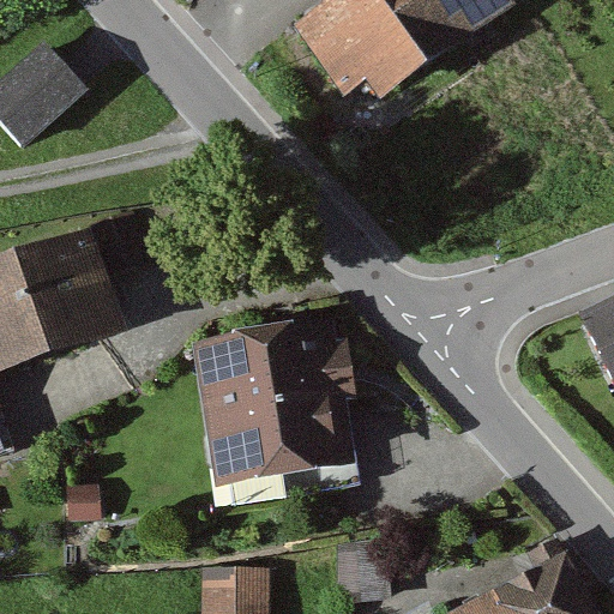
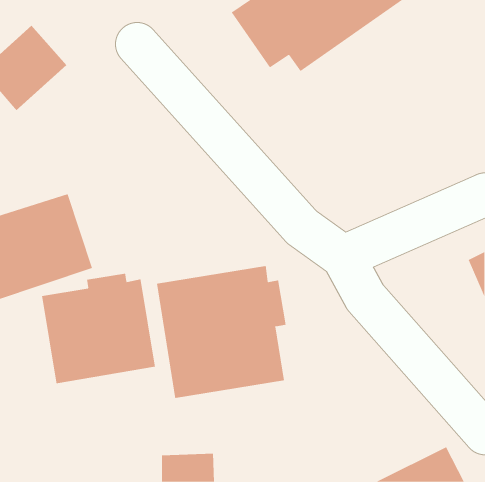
building: none -> [41,273,155,384]

